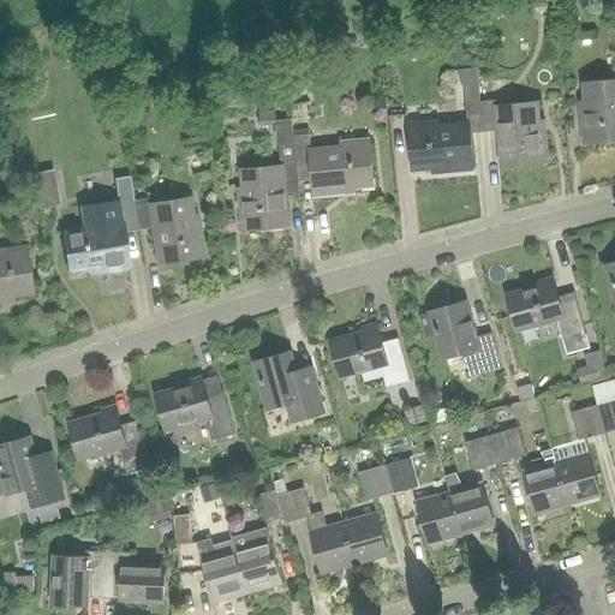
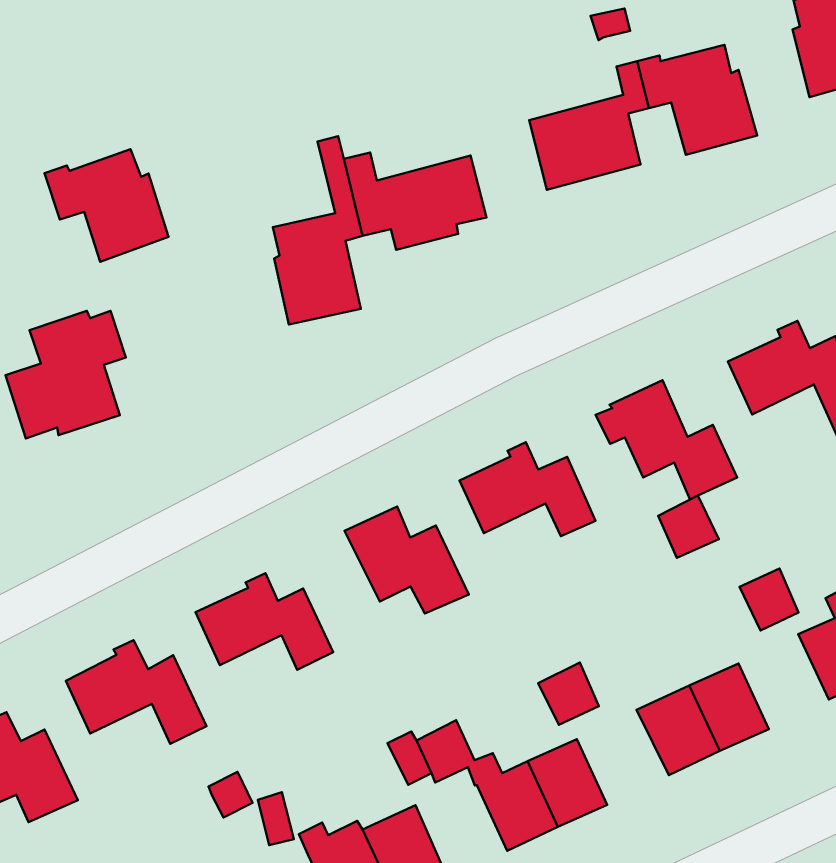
building: [132,196,202,262] -> [44,149,169,262]
building: [464,435,498,471] -> [658,496,719,558]
building: [384,458,417,494] -> none

